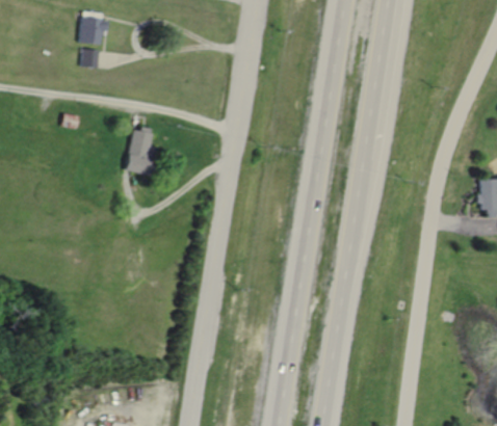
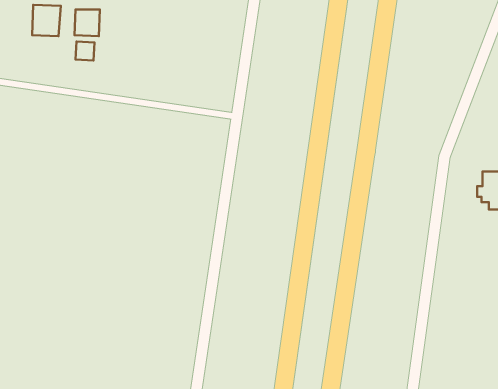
building: none -> [32,5,61,36]
building: [124,128,155,176] -> none

